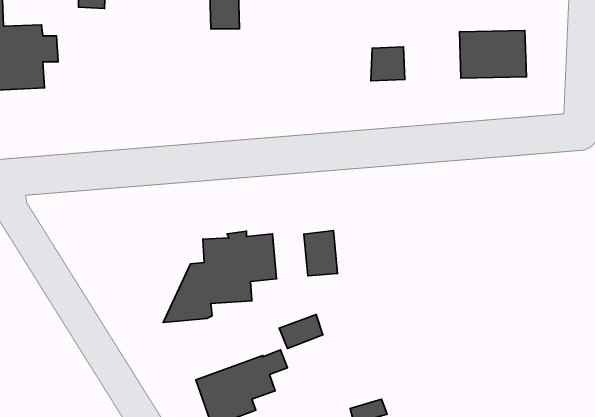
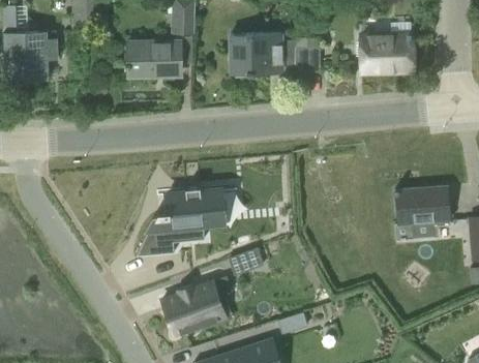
building: none -> [231,33,282,74]
building: none -> [124,41,181,78]
building: none -> [394,186,451,238]
building: [304,231,338,276] -> none

